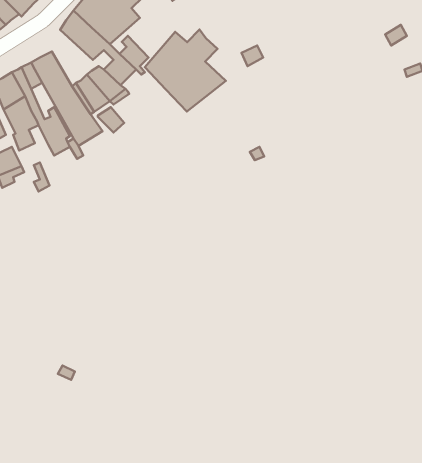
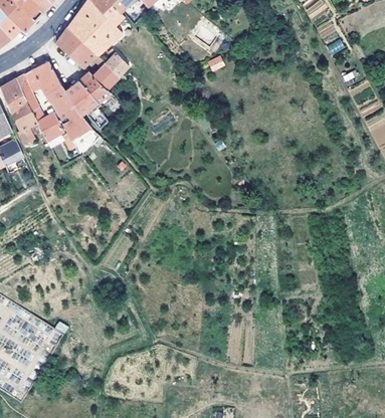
building: [145,29,226,112] -> none

